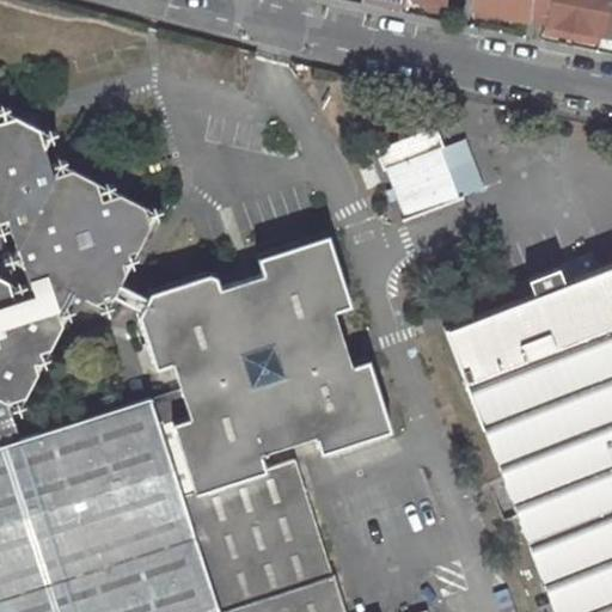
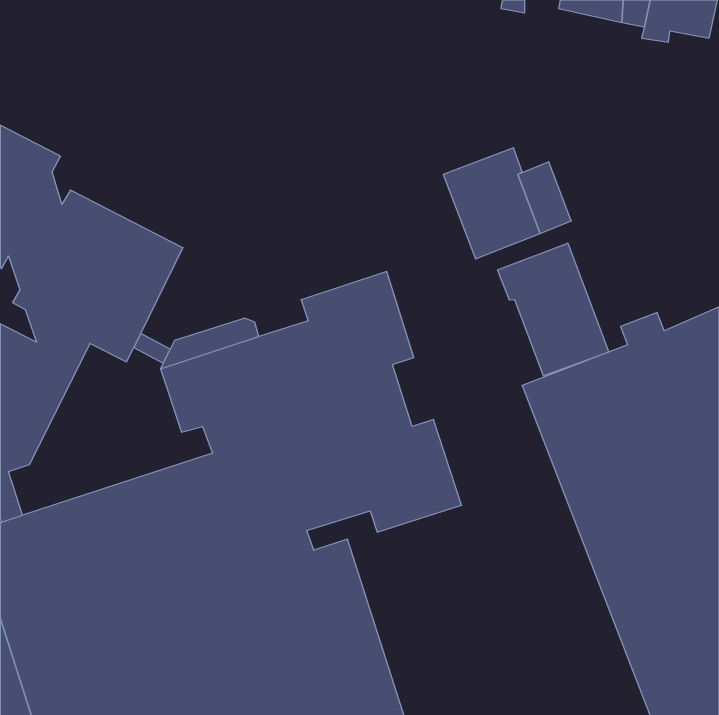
building: none -> [497,243,609,376]

